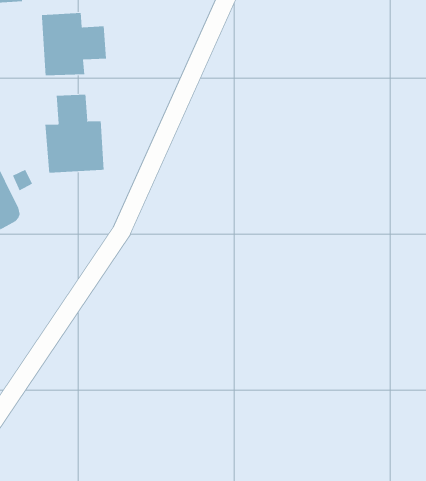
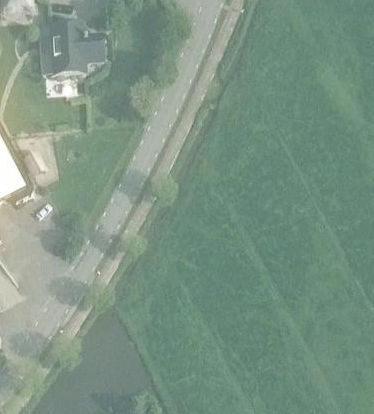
building: [45,94,104,174] -> none

